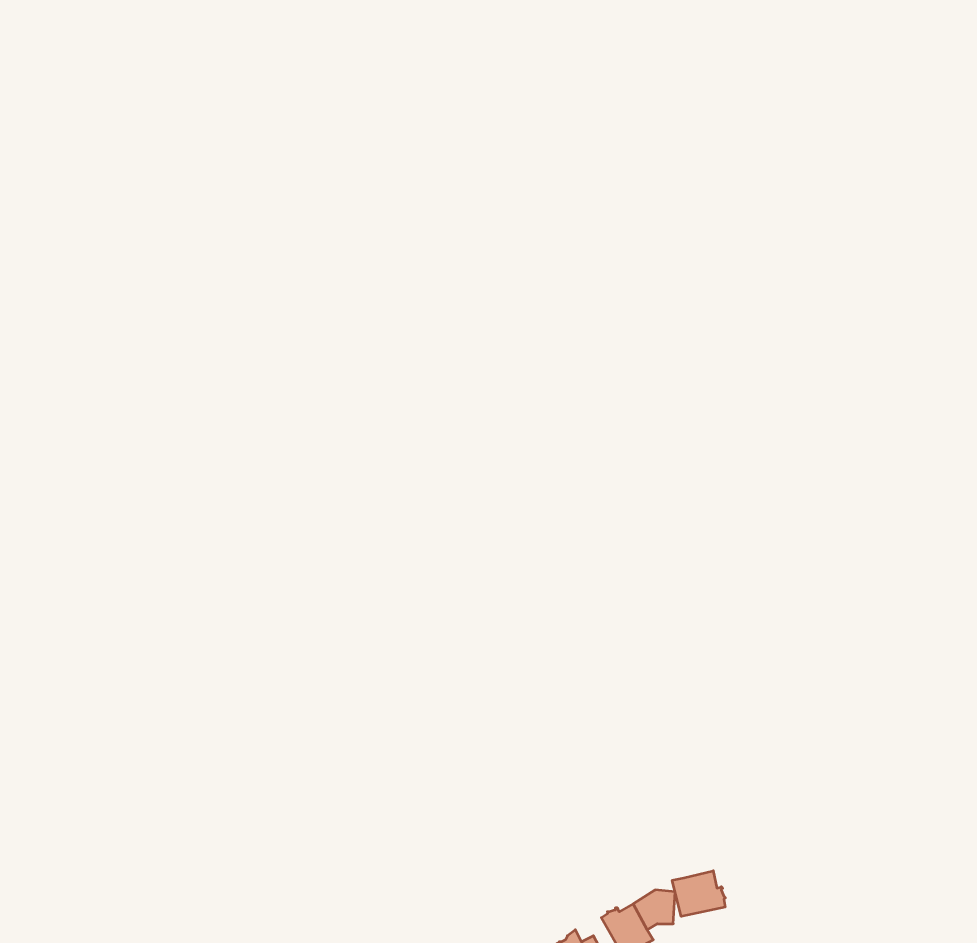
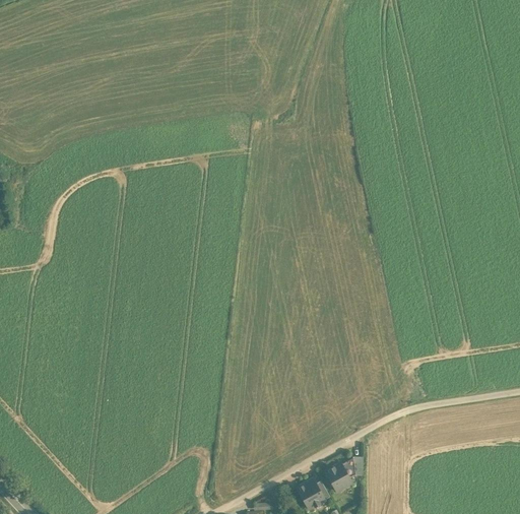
building: [672,871,725,916] -> none

